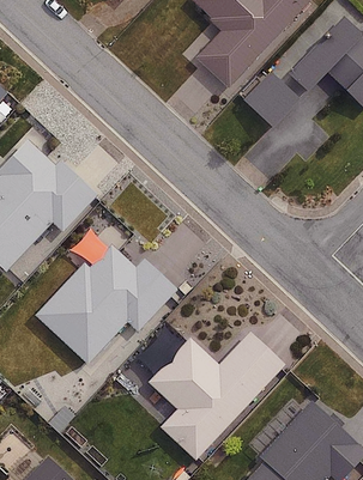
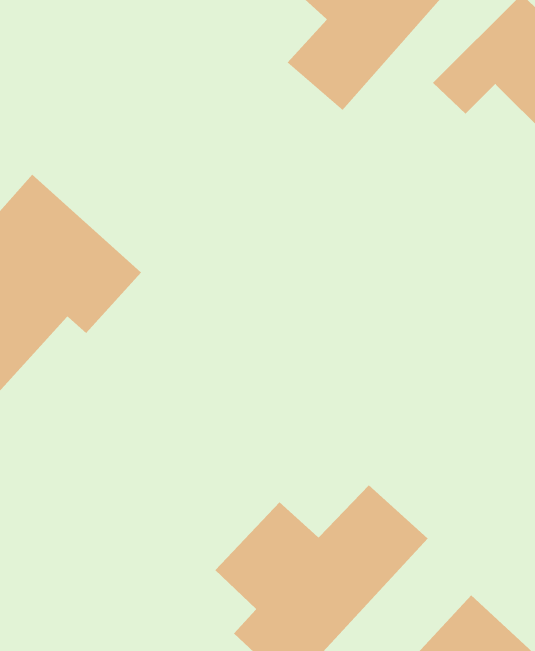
building: [244,72,301,128] -> none
building: [31,229,177,366] -> none

